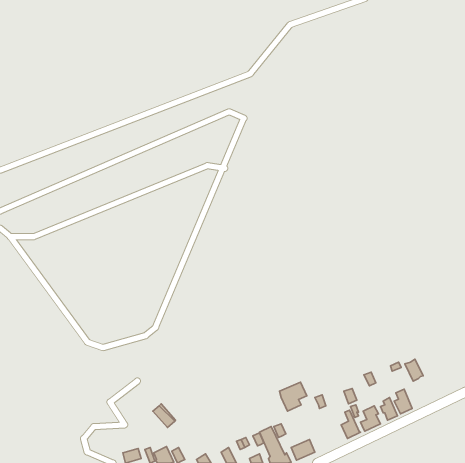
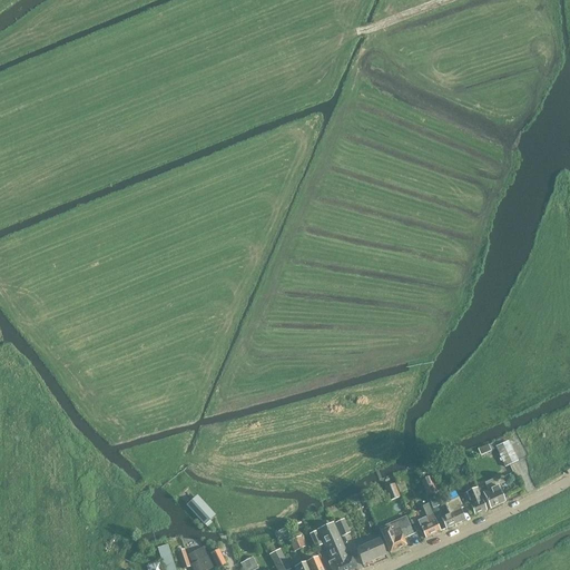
building: [279,382,307,411] -> [380,515,413,551]

